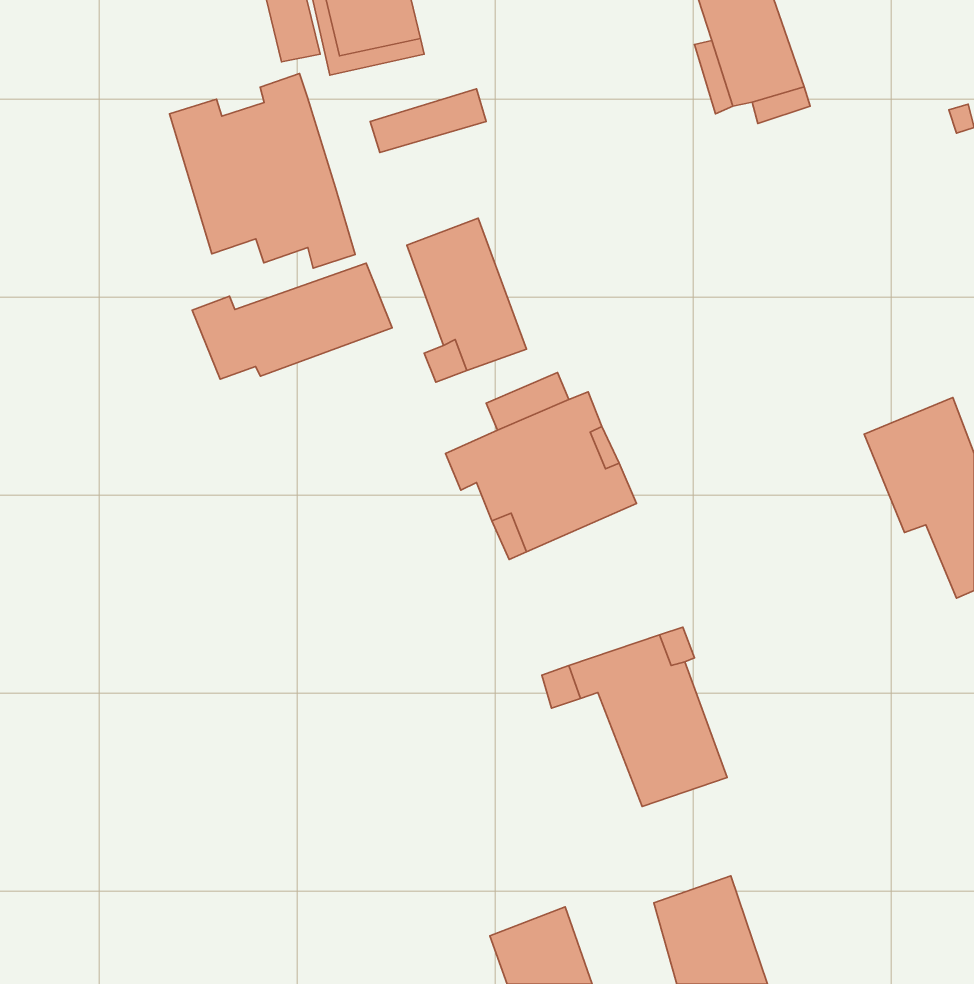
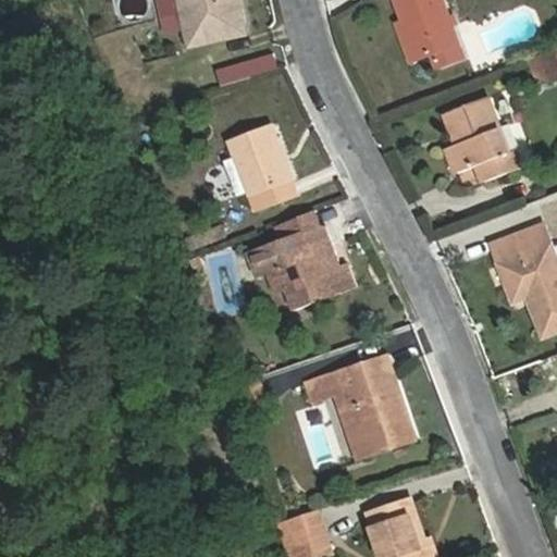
building: [169,73,355,268] -> none
building: none -> [446,101,521,181]
building: [192,263,392,379] -> none

